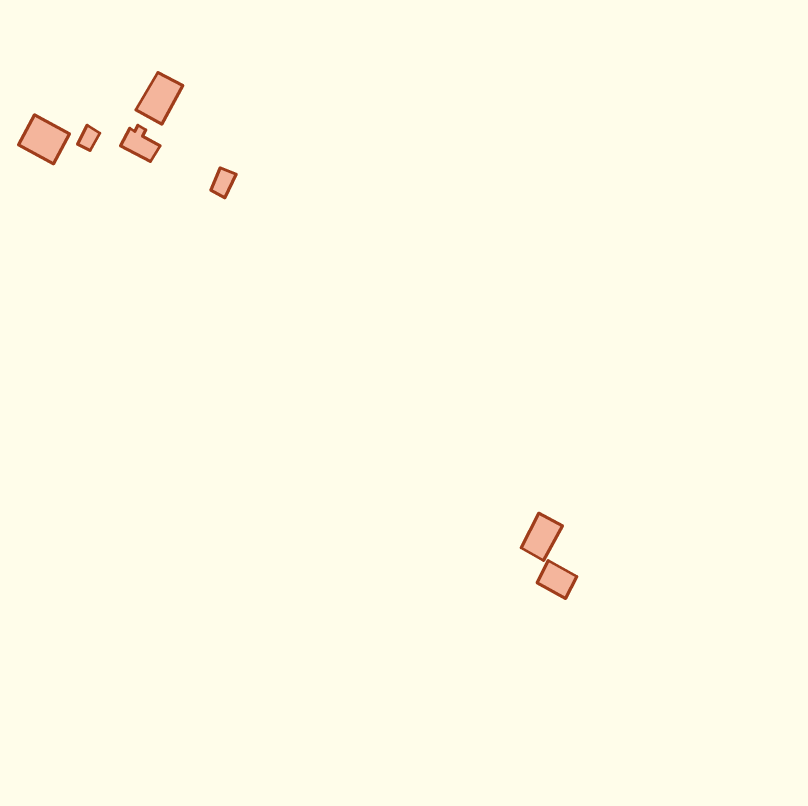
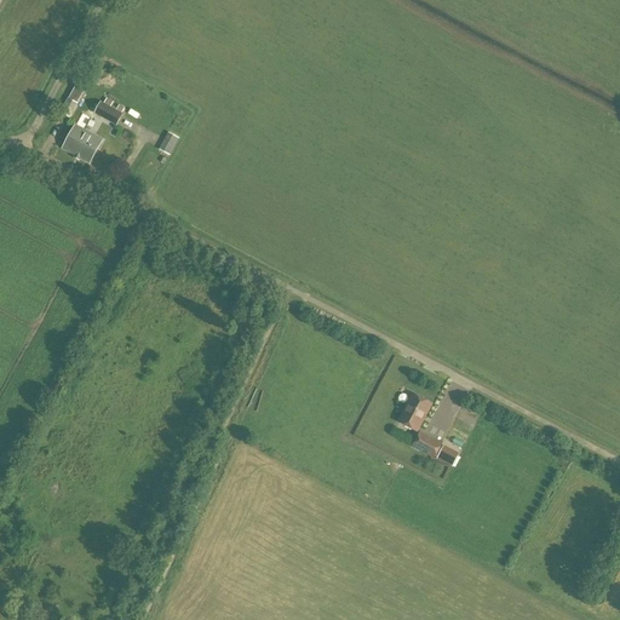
building: [136,73,183,124] -> none
building: [19,115,69,164] -> [62,124,101,161]

